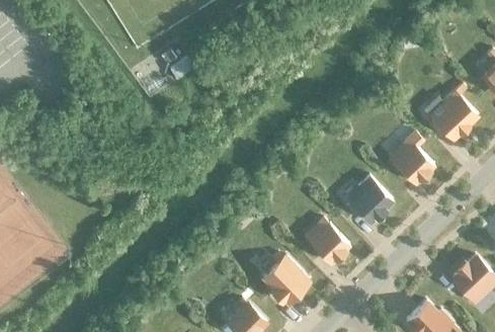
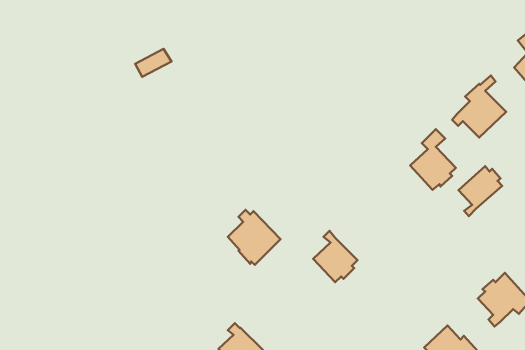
building: none -> [459,166,502,216]
building: [344,175,392,223] -> none
building: [262,254,308,302] -> [228,210,280,265]

